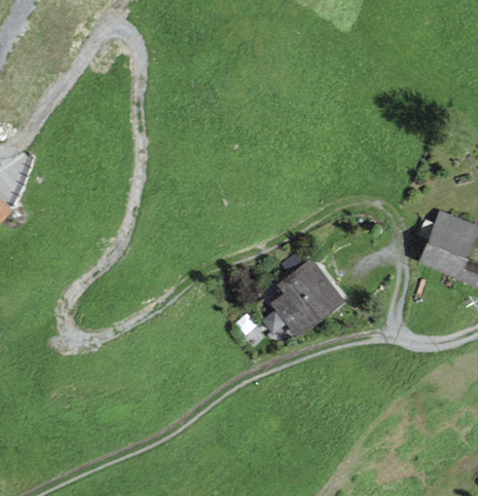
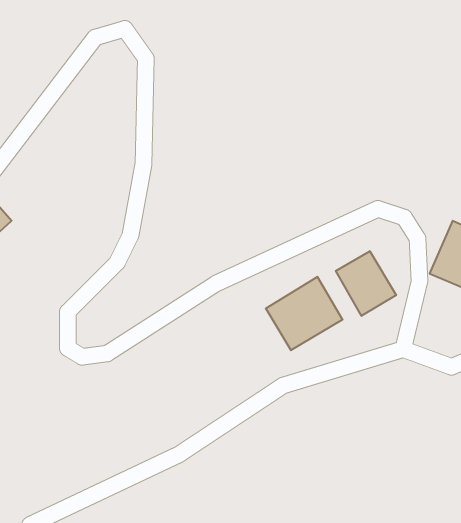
building: none -> [336,251,396,316]

